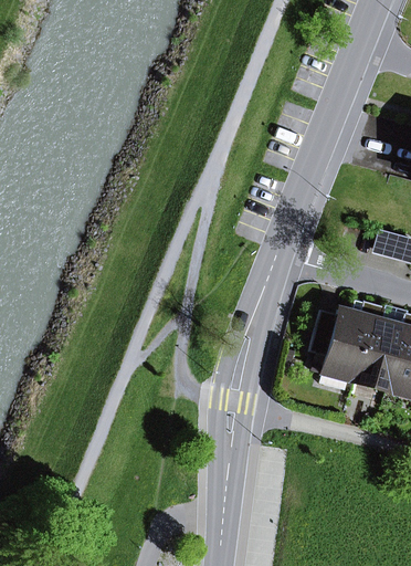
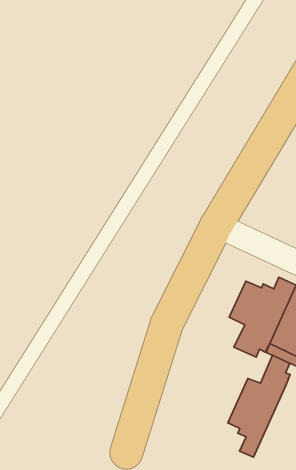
building: none -> [228,355,290,457]

